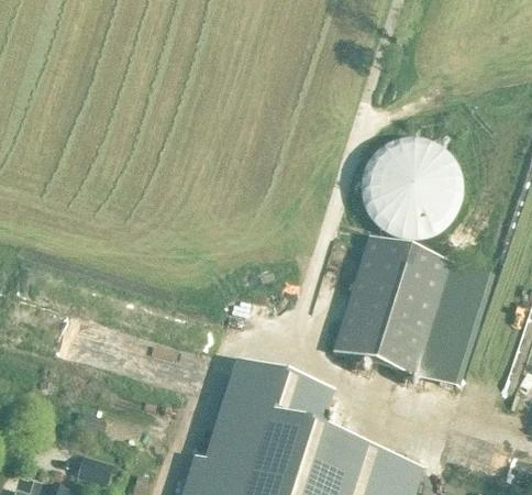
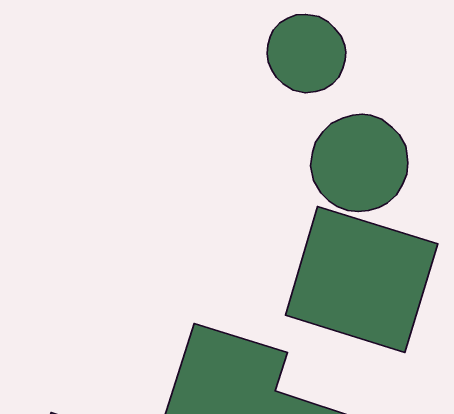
building: none -> [267,14,346,93]

